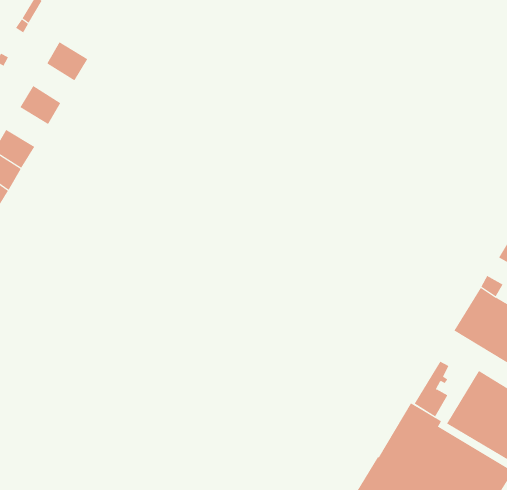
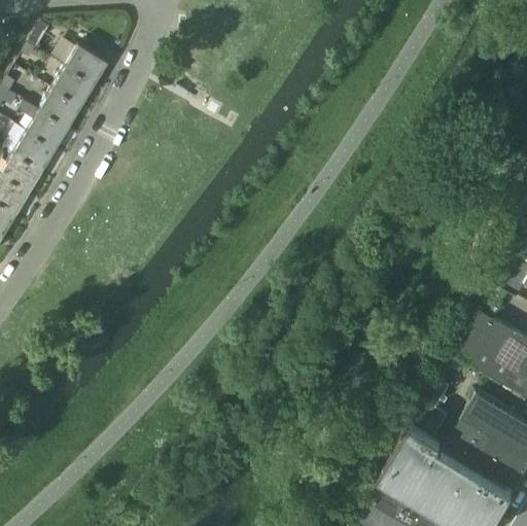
building: none -> [64,46,106,86]
building: none -> [38,91,79,130]
building: none -> [11,134,54,173]

